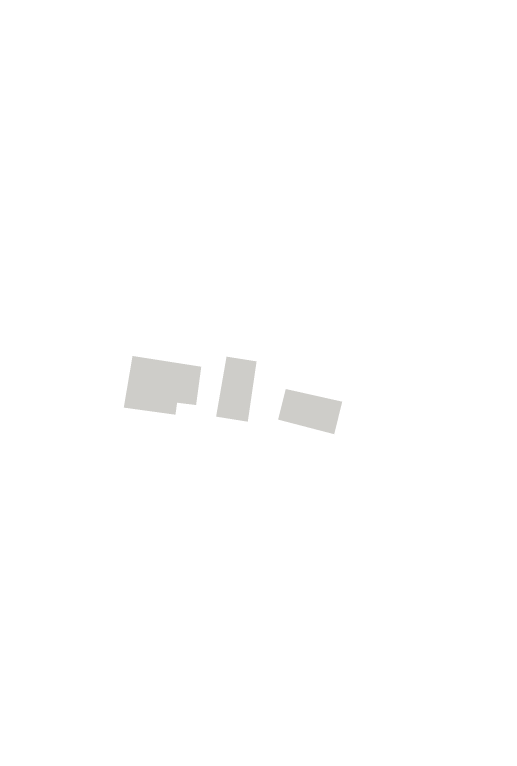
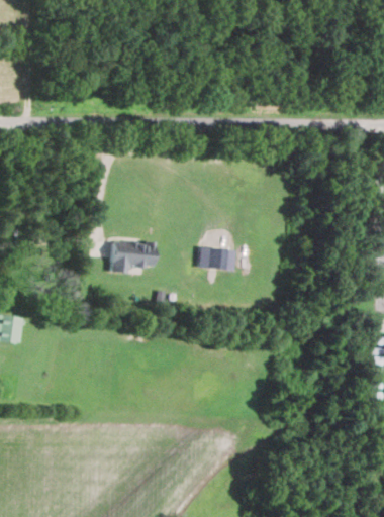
building: [215,356,257,423] -> none

